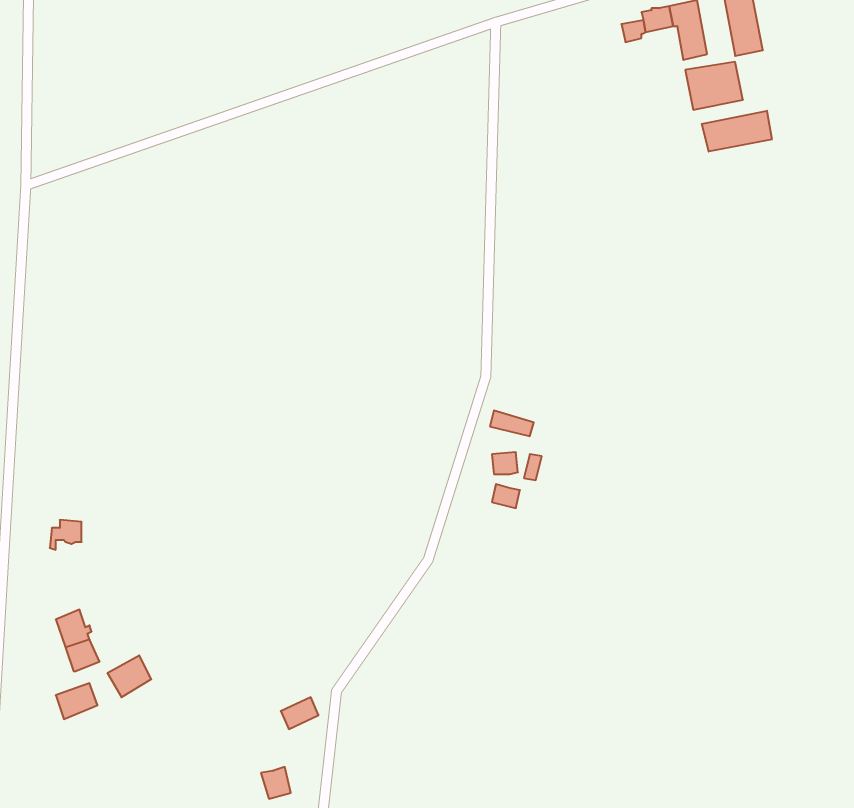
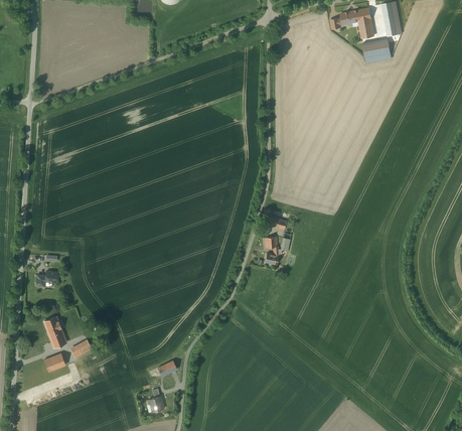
building: [702,111,772,152] -> none

